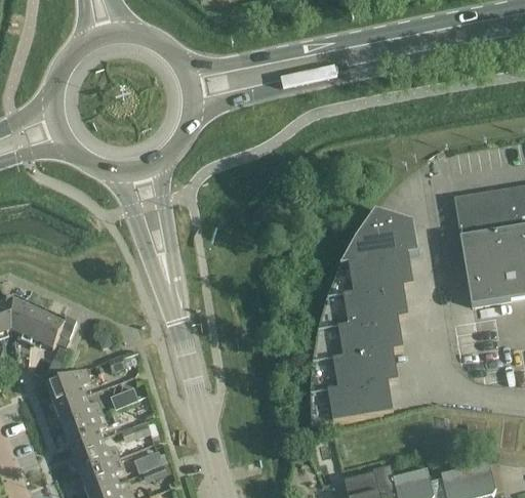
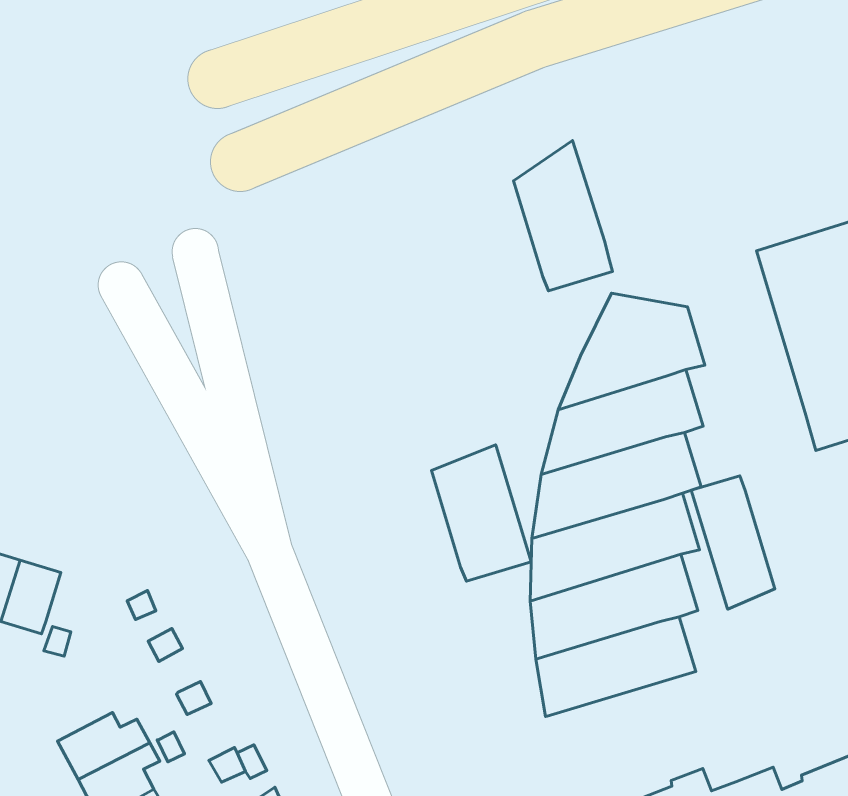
building: none -> [514,141,612,291]
building: none -> [432,445,531,581]
building: none -> [691,476,775,609]
building: [46,368,90,406] -> none

